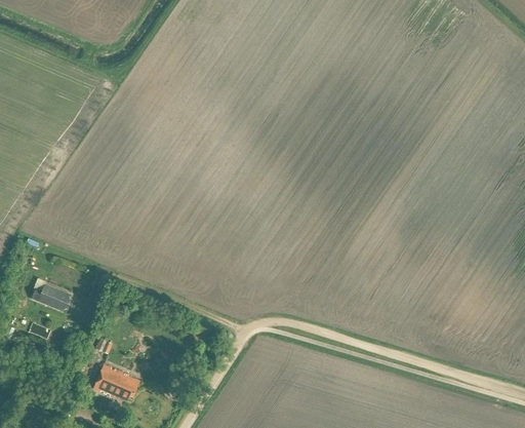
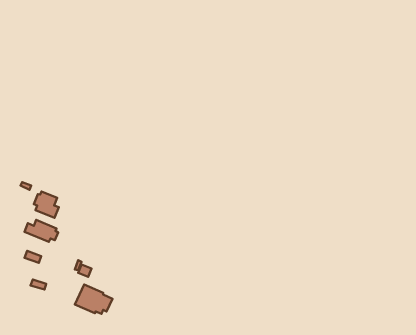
building: none -> [34,191,59,218]

